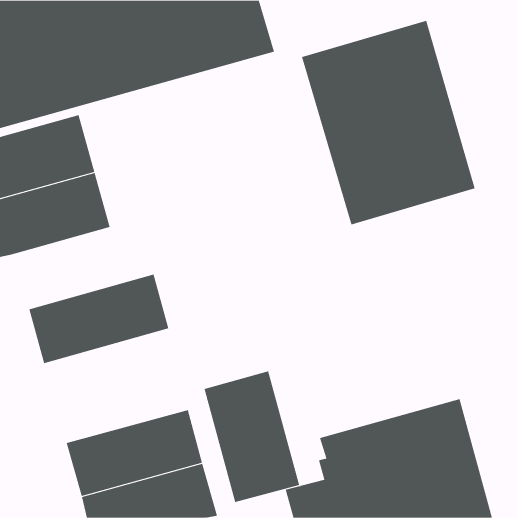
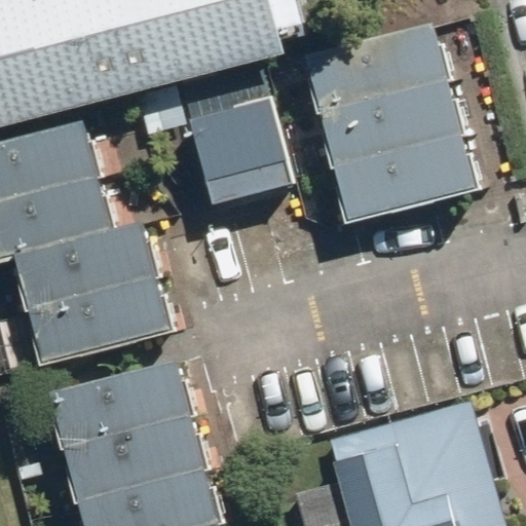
building: none -> [189,99,292,204]
building: none -> [13,222,156,313]
building: none -> [50,358,191,449]
building: [204,371,300,503] -> none

